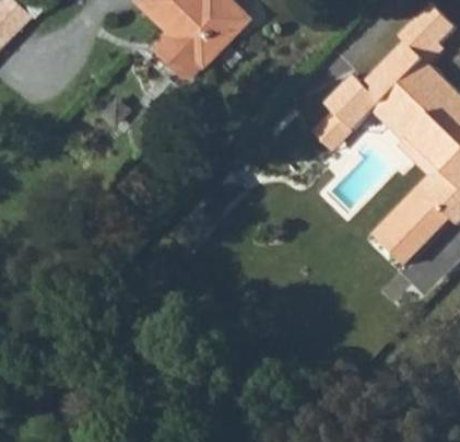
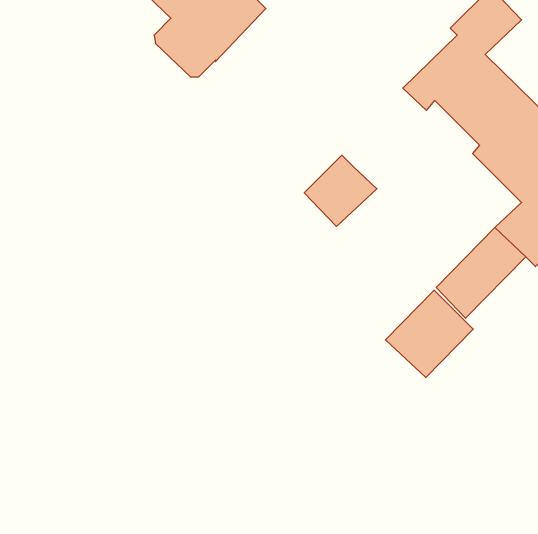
building: [314,77,370,132] -> [304,155,377,226]
building: none -> [385,290,473,378]

